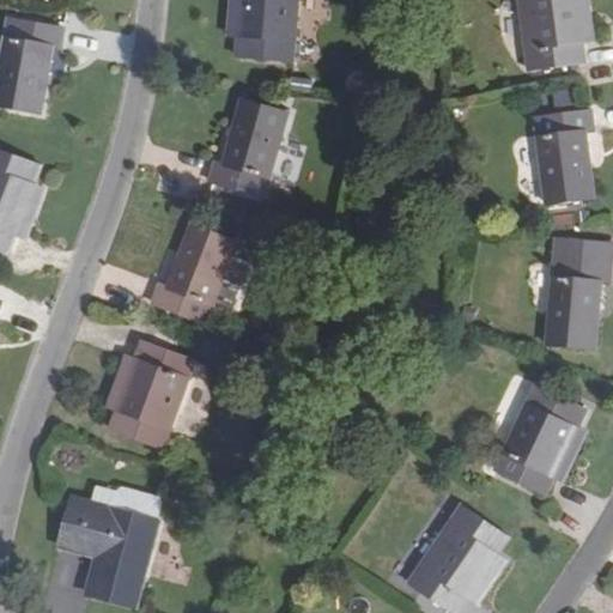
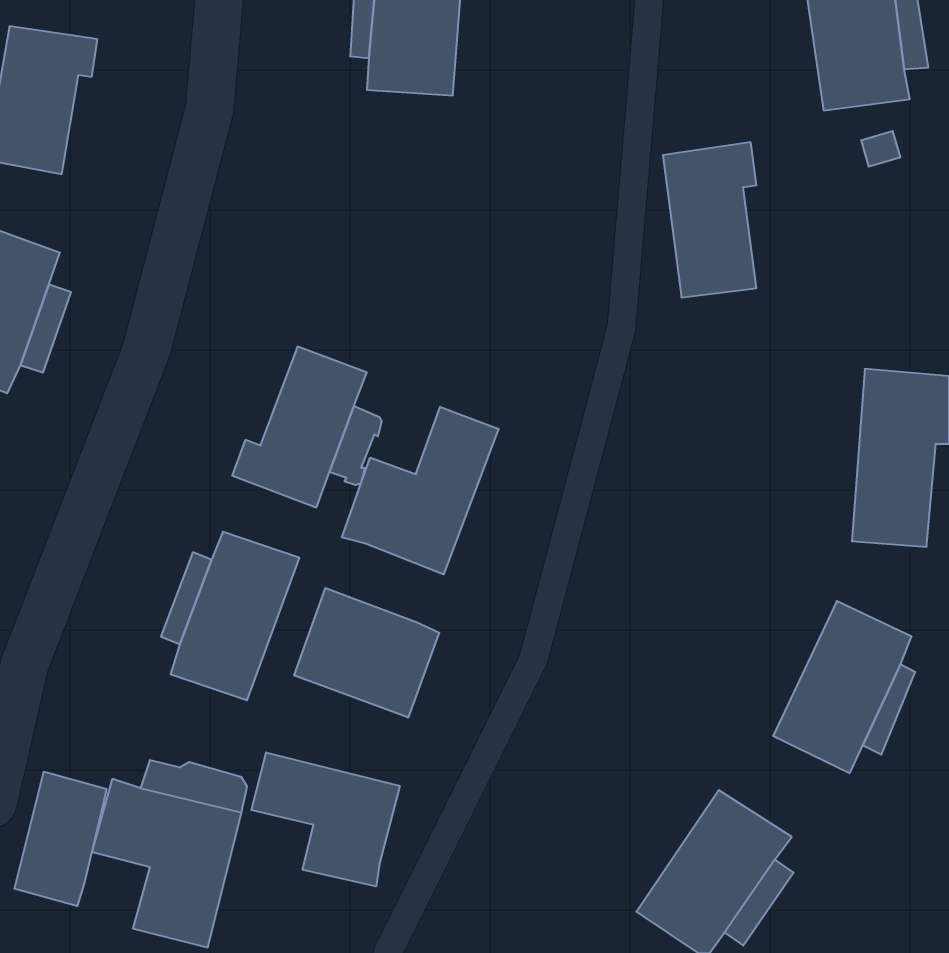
building: [206,97,286,198] -> none
building: [532,107,591,206] -> [663,142,756,298]
building: none -> [342,407,499,574]
building: none -> [294,588,439,718]
building: none -> [252,752,400,886]
building: none -> [15,772,106,906]

